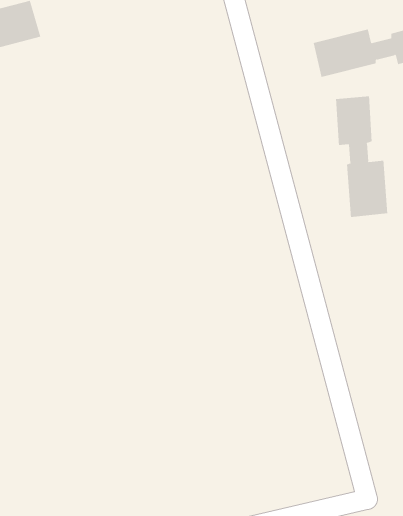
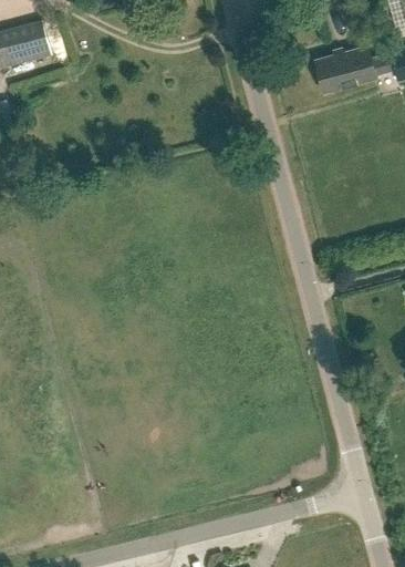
building: [335,96,388,218] -> none

